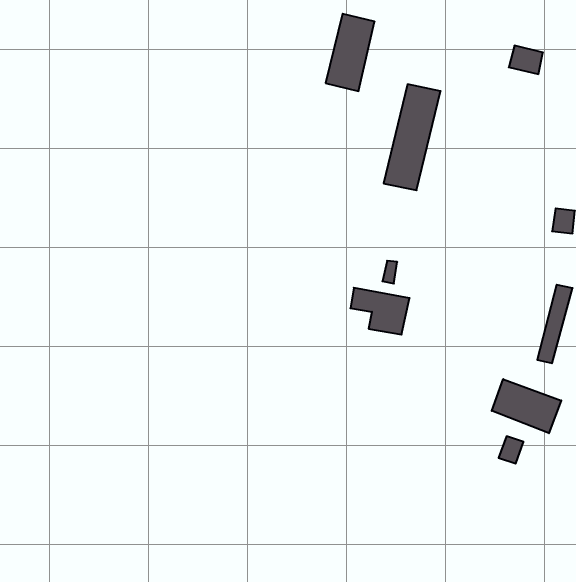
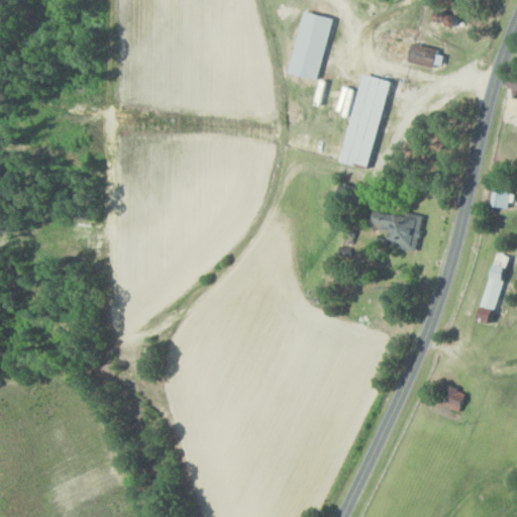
building: [509,46,543,74] -> [407,43,437,69]
building: [350,288,410,335] -> [370,208,422,249]
building: [492,379,561,433] -> none

